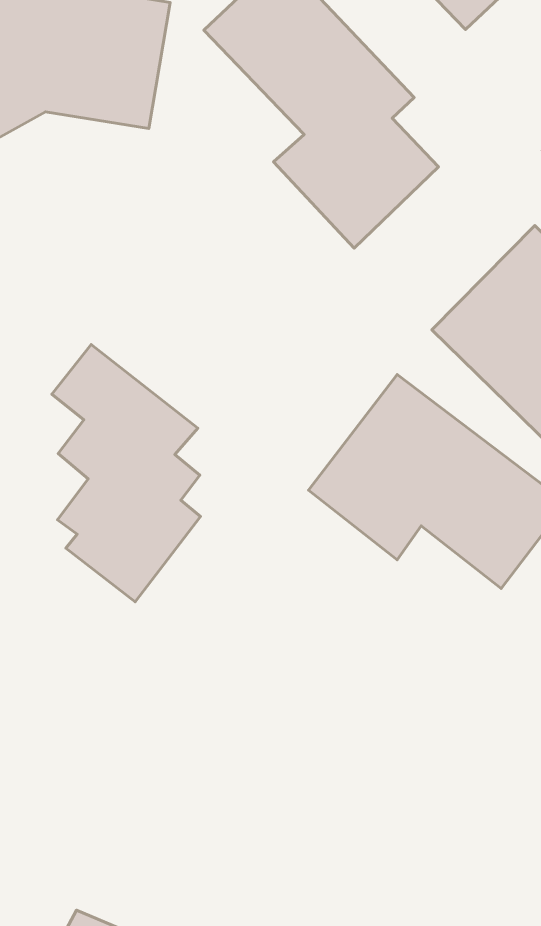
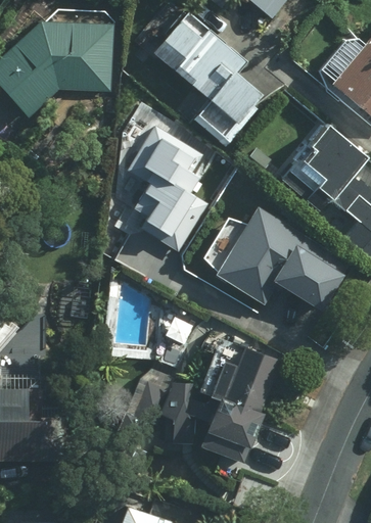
building: [52,345,200,602] -> [121,114,206,246]
building: none -> [160,345,279,468]

